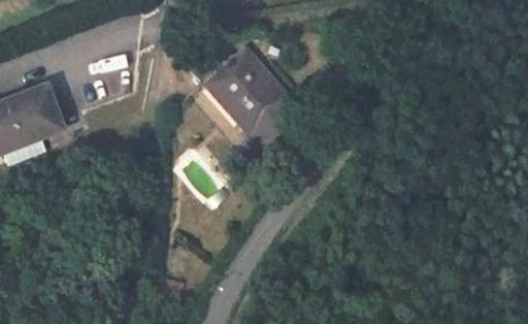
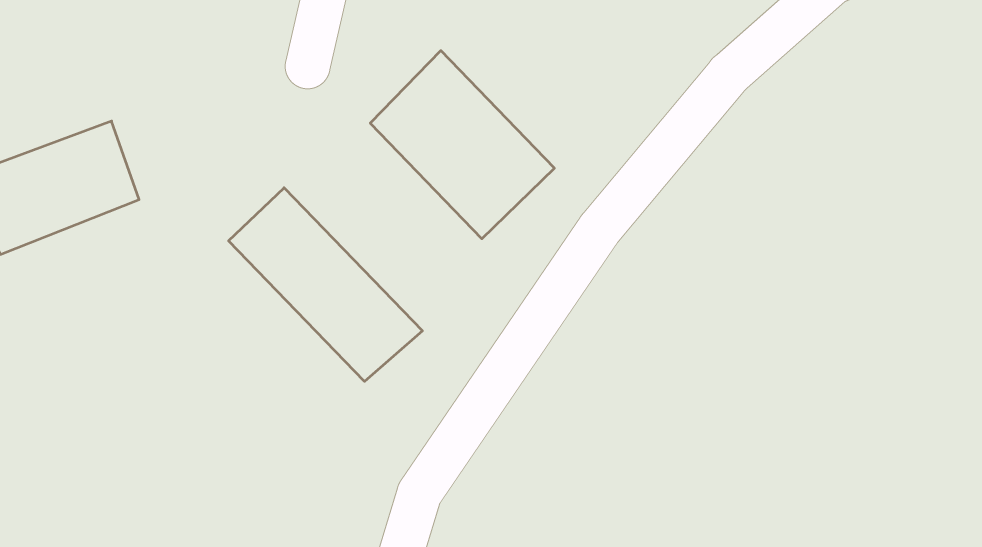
building: none -> [229,188,422,381]

